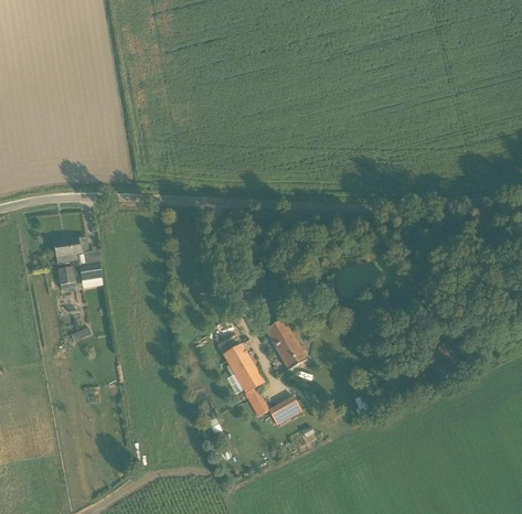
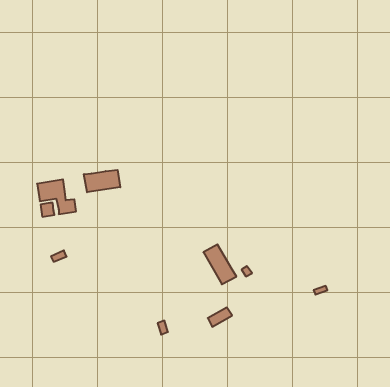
building: none -> [84,170,120,192]
building: [219,335,268,413] -> none

